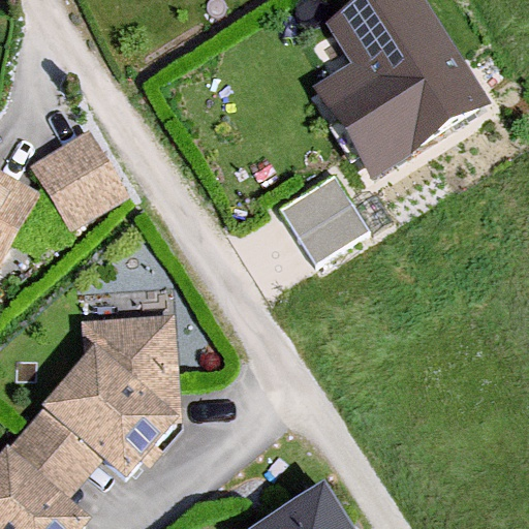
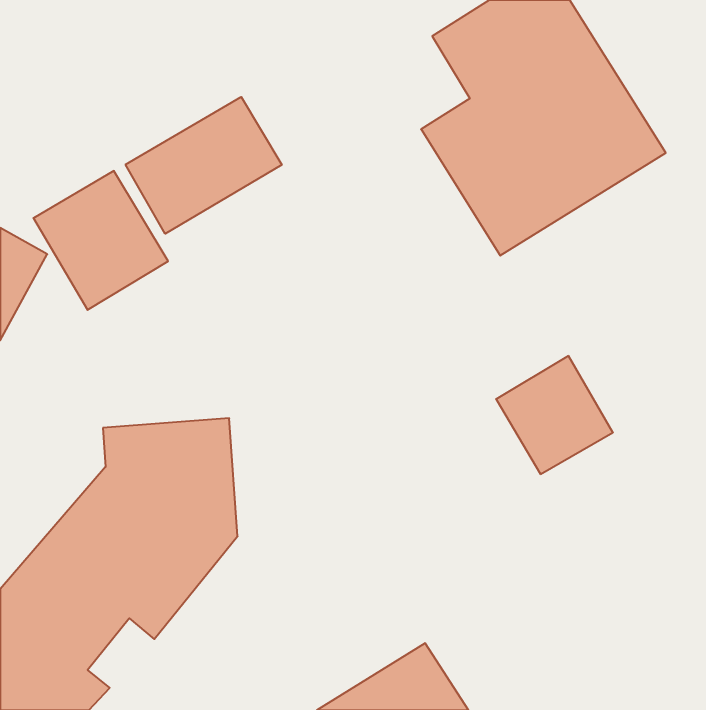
building: none -> [126,97,282,234]
building: [286,181,373,269] -> [496,356,613,474]

